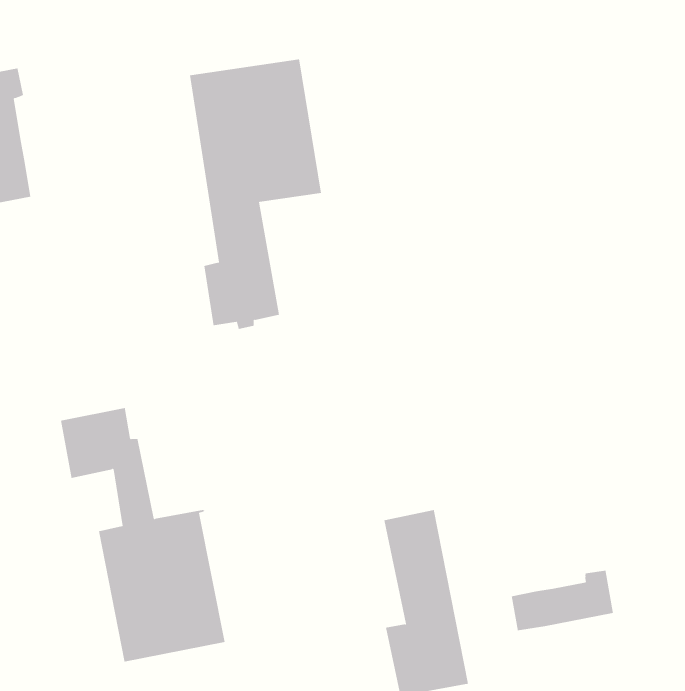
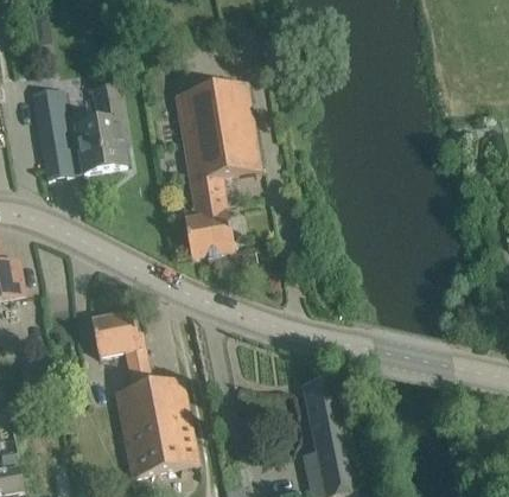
building: none -> [75,85,126,171]
building: [511,570,613,631] -> none

